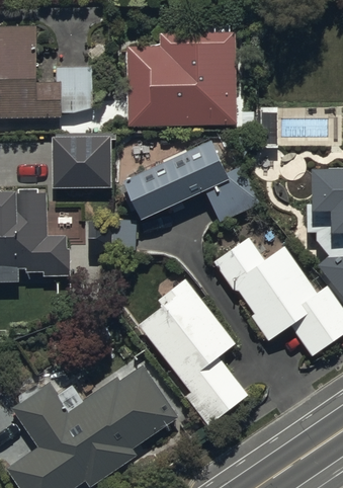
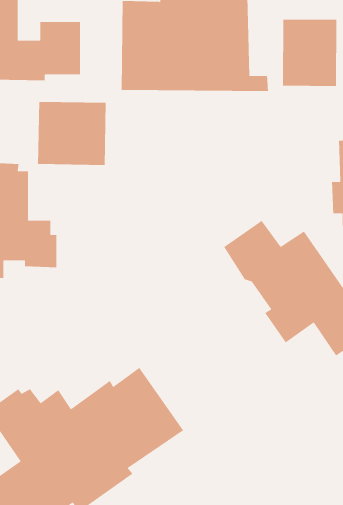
building: none -> [282,19,337,87]
building: [115,140,259,223] -> none
building: [137,278,248,428] -> none

